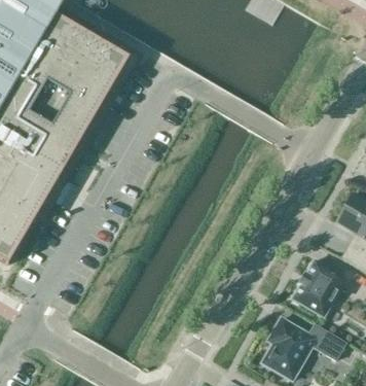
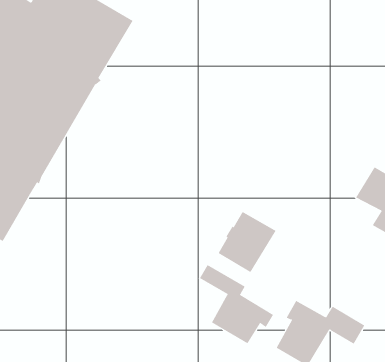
building: [293,258,347,316] -> [218,211,276,273]
building: none -> [199,264,274,344]

